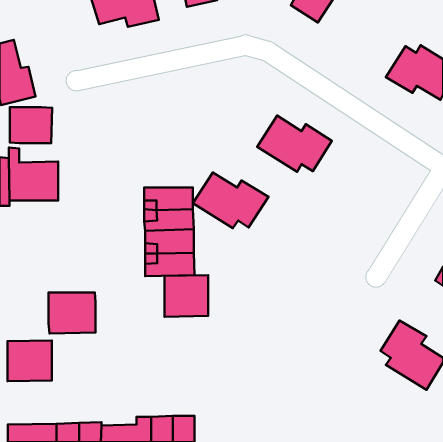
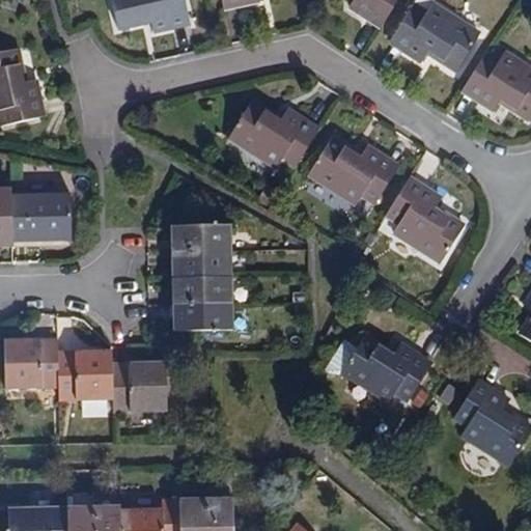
building: none -> [389,4,478,72]
building: [10,107,52,143] -> none
building: none -> [386,179,464,262]
building: [193,173,268,228] -> [228,103,318,169]
building: [165,275,208,317] -> [114,360,166,410]
building: none -> [341,337,431,403]
building: [7,340,52,381] -> [5,338,58,387]

